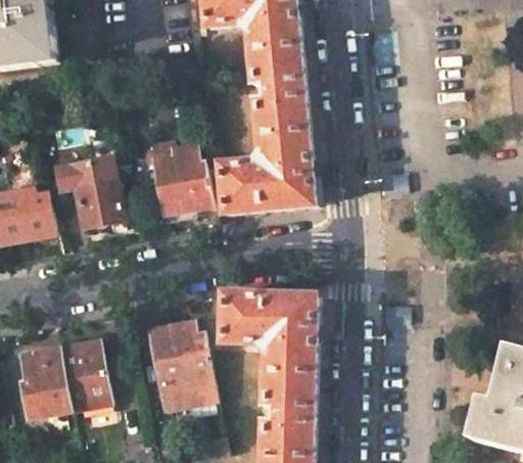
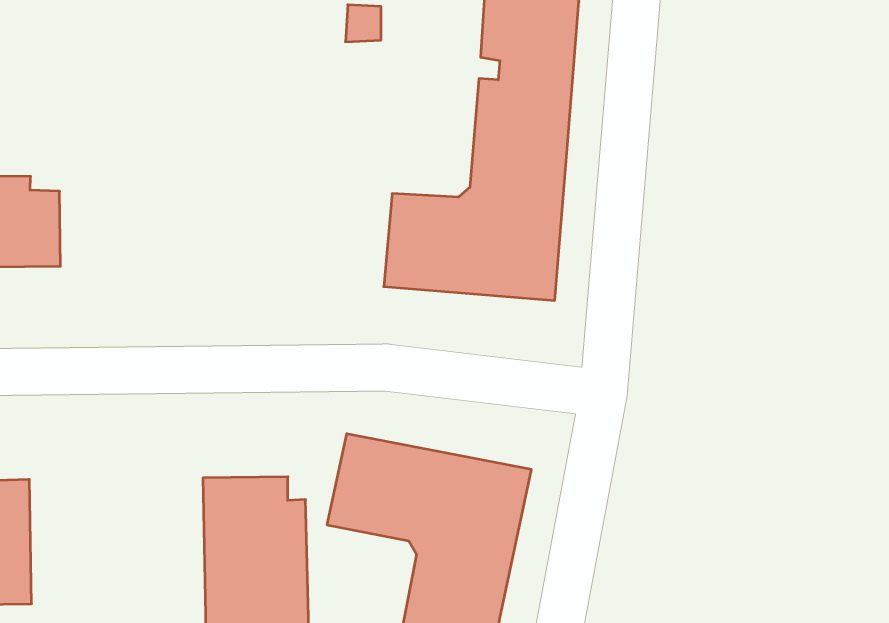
building: [153,145,211,213] -> none
building: [51,154,122,227] -> none
building: [58,338,110,410] -> none

